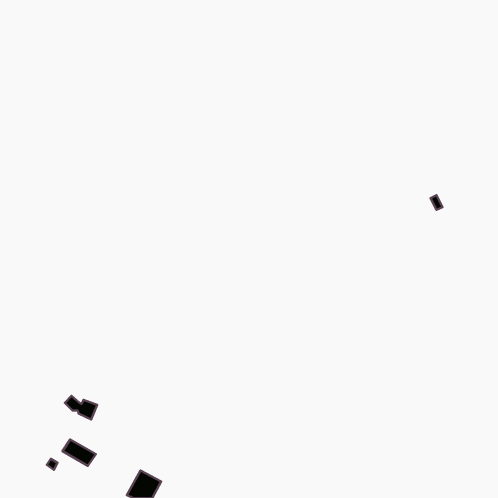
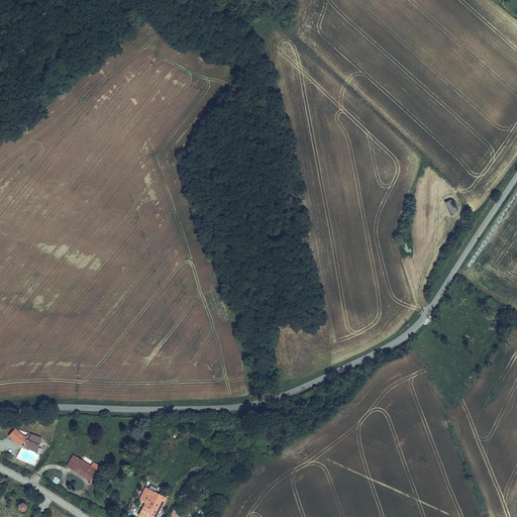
building: [65,396,97,419] -> [8,428,41,452]

